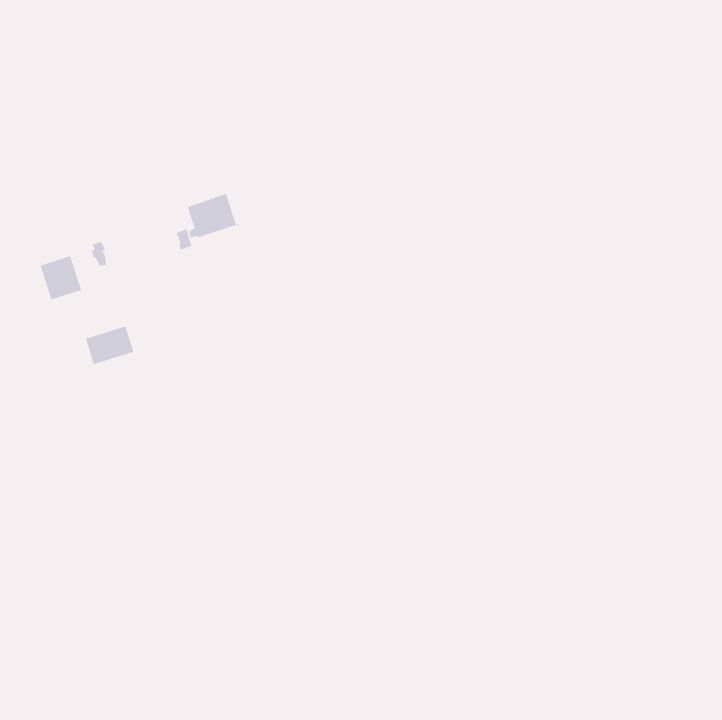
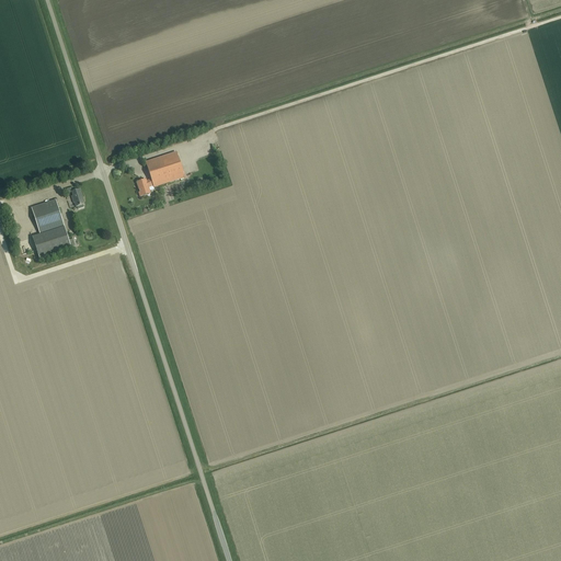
building: [85,325,134,365] -> [32,225,70,255]

